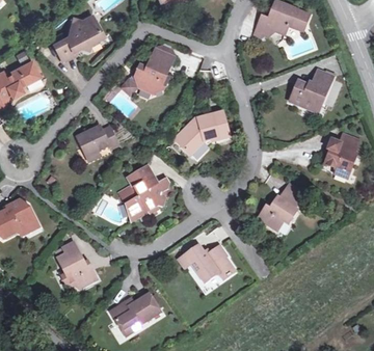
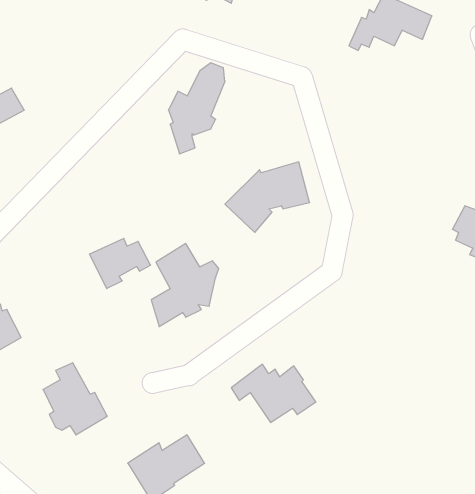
building: [55,14,109,57] -> none
building: [290,71,333,114] -> none
building: [77,127,117,160] -> [89,238,151,289]
building: [258,184,305,231] -> none

